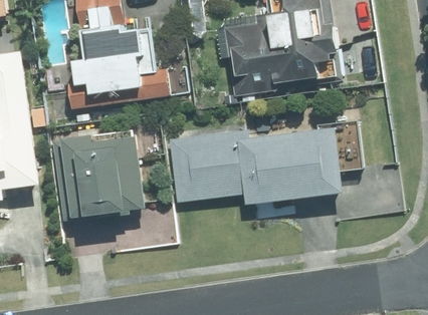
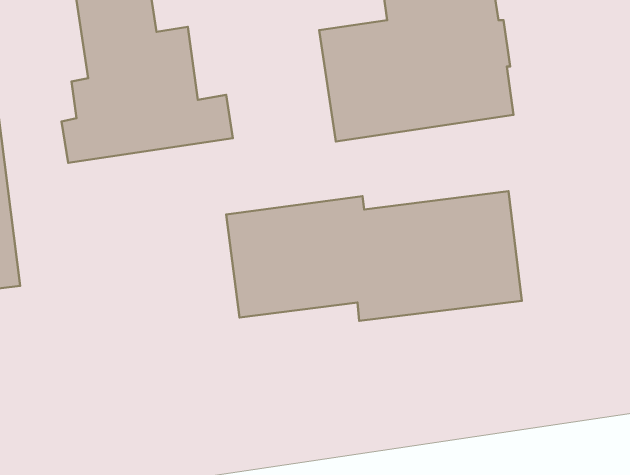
building: [51,133,149,221] -> none

